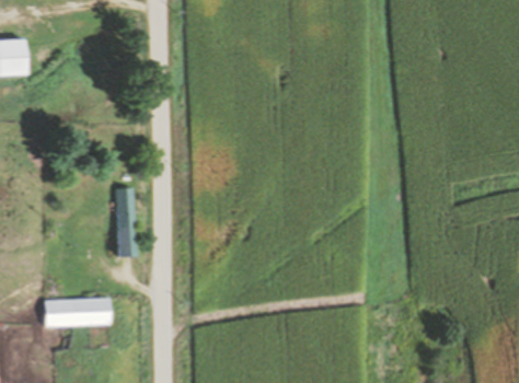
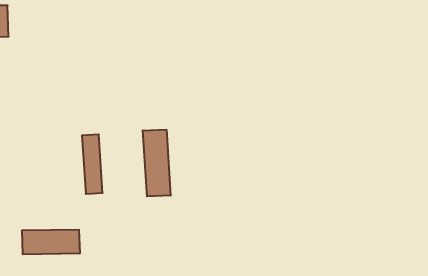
building: none -> [143,130,171,196]

